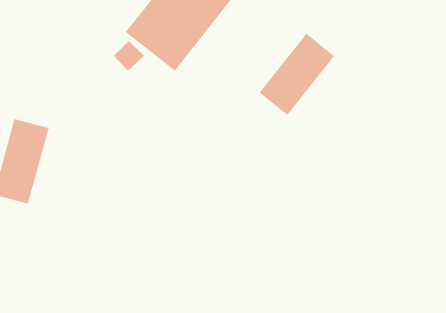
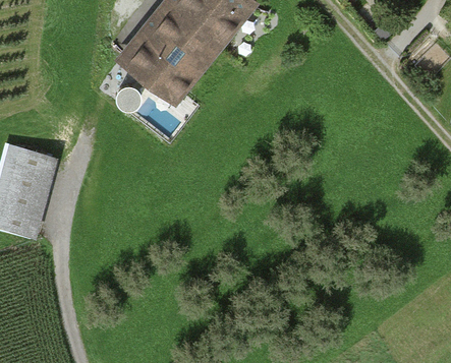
building: [259,33,335,116] -> none

